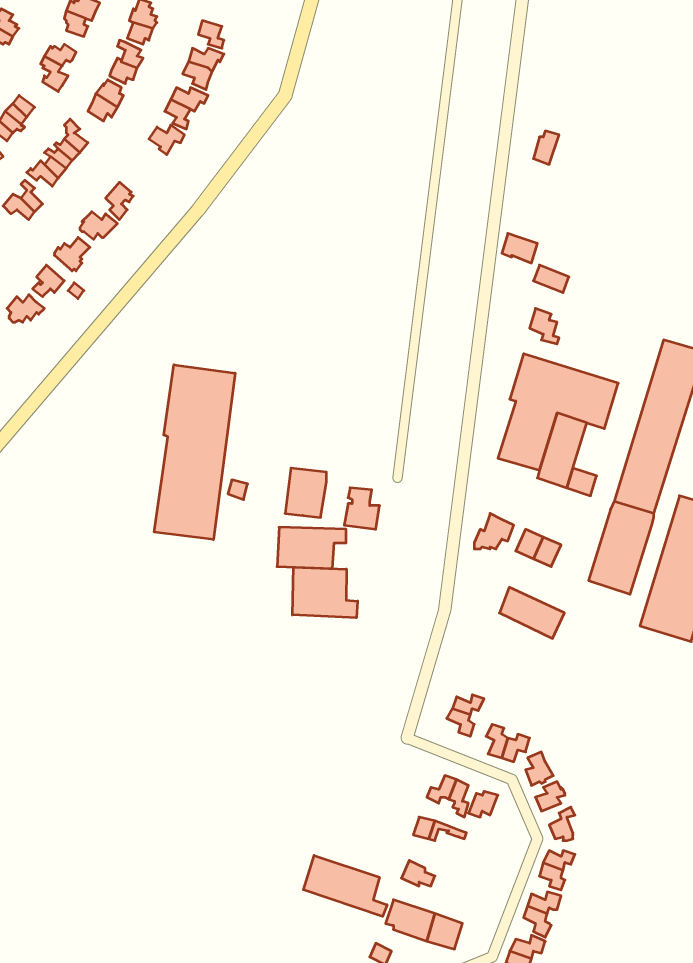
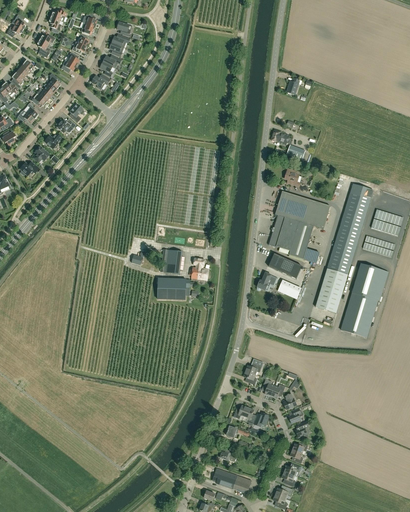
building: [154,365,235,540] -> none
building: [292,567,358,618] -> none
building: [499,587,564,638] -> [269,253,302,279]
building: [303,855,387,916] -> none

